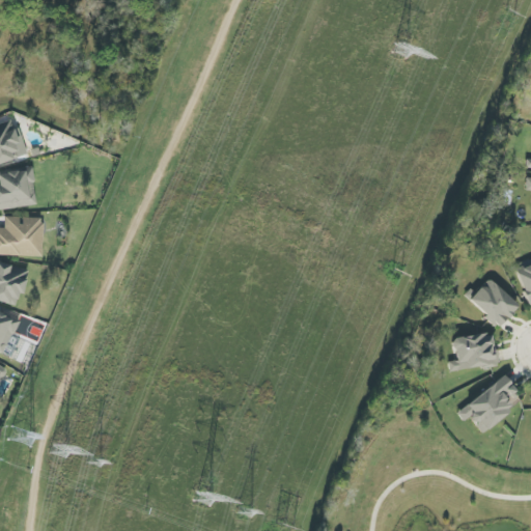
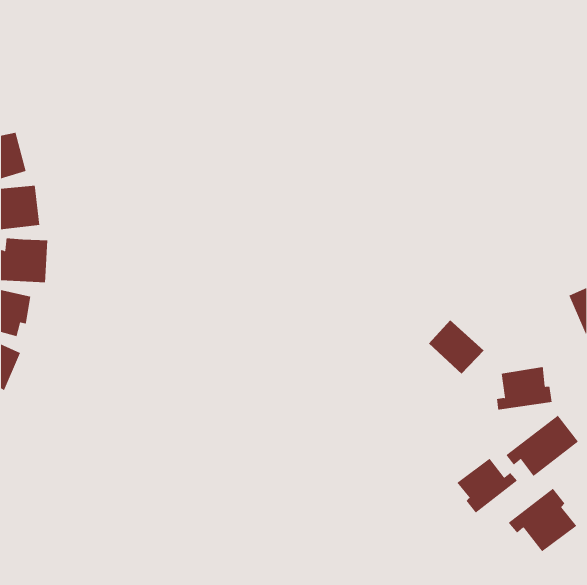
building: [468,276,519,326] -> [428,319,485,375]
building: none -> [457,458,518,513]
building: none -> [508,488,577,552]

